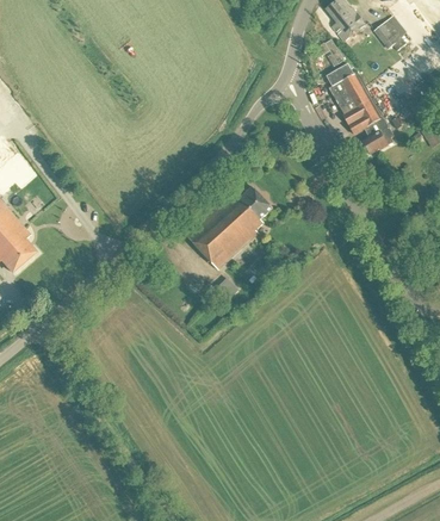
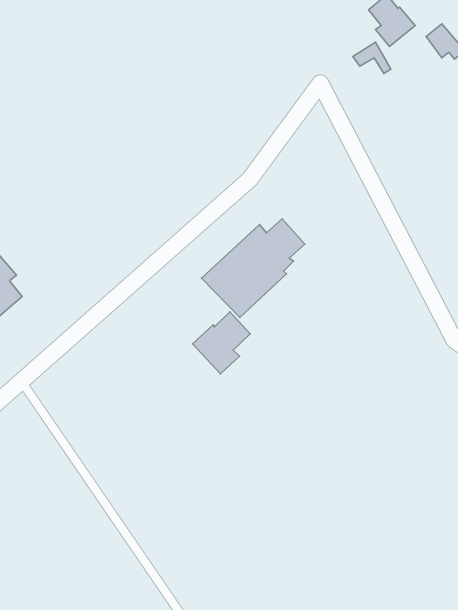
building: [326,62,393,153] -> none
building: none -> [192,312,250,374]

